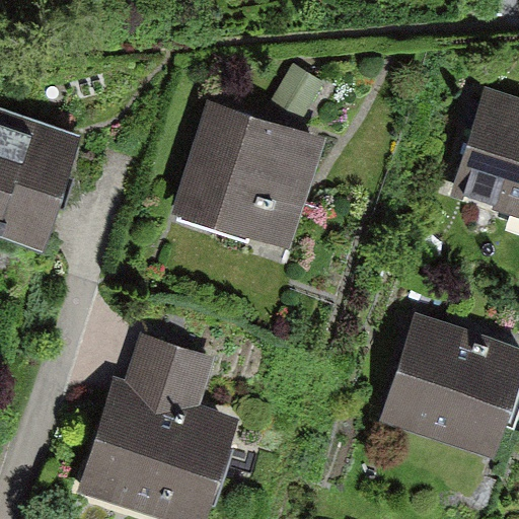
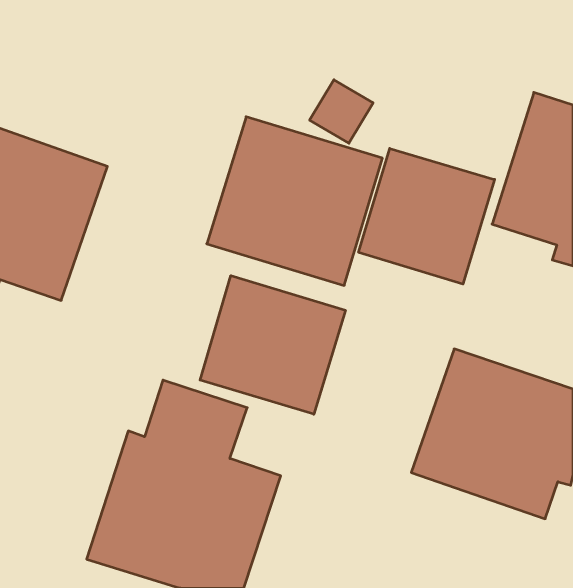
building: none -> [359,148,495,284]
building: none -> [200,276,345,414]

